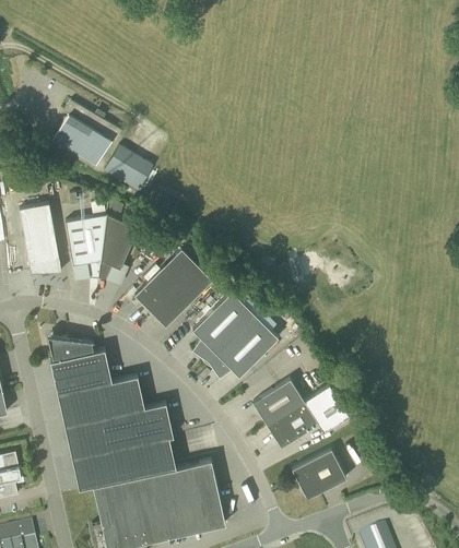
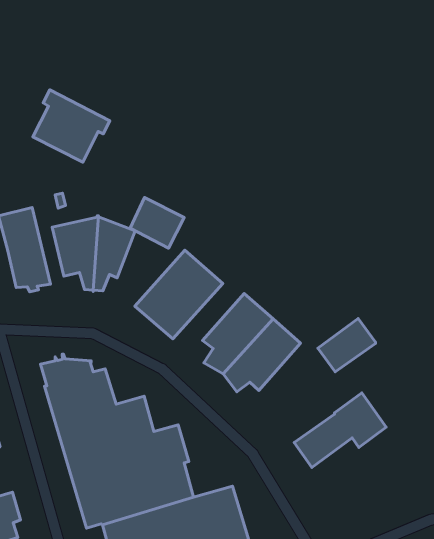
building: [104,146,152,192] -> [130,198,184,248]
building: [252,380,304,426] -> [318,319,376,372]
building: [292,450,345,500] -> none

